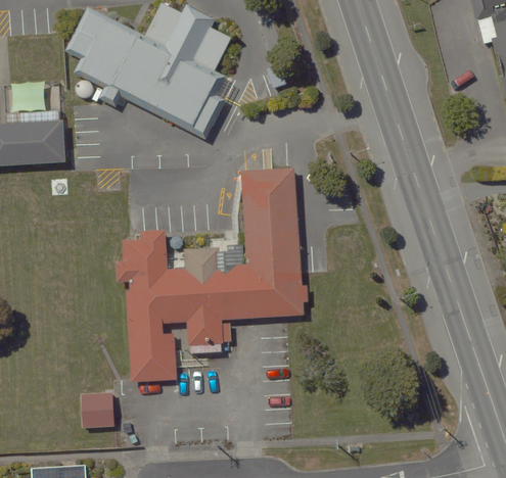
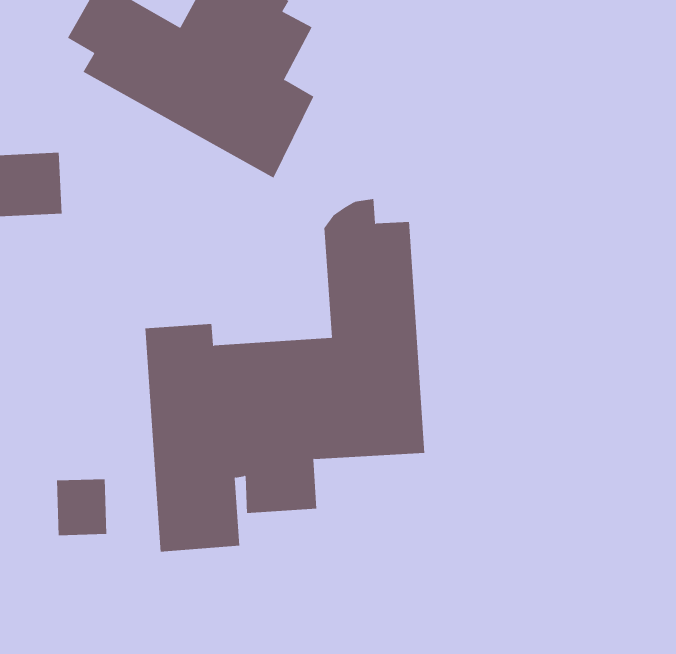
building: [80,392,113,430] -> [56,479,107,536]

